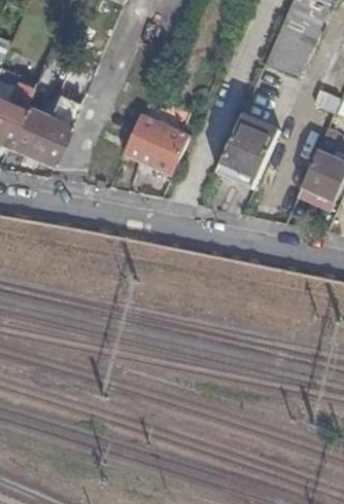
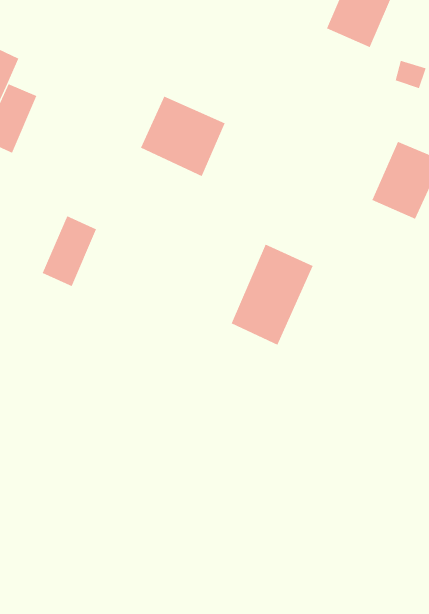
building: [218,112,280,188] -> [231,244,313,345]
building: [30,114,71,168] -> [42,215,97,287]

